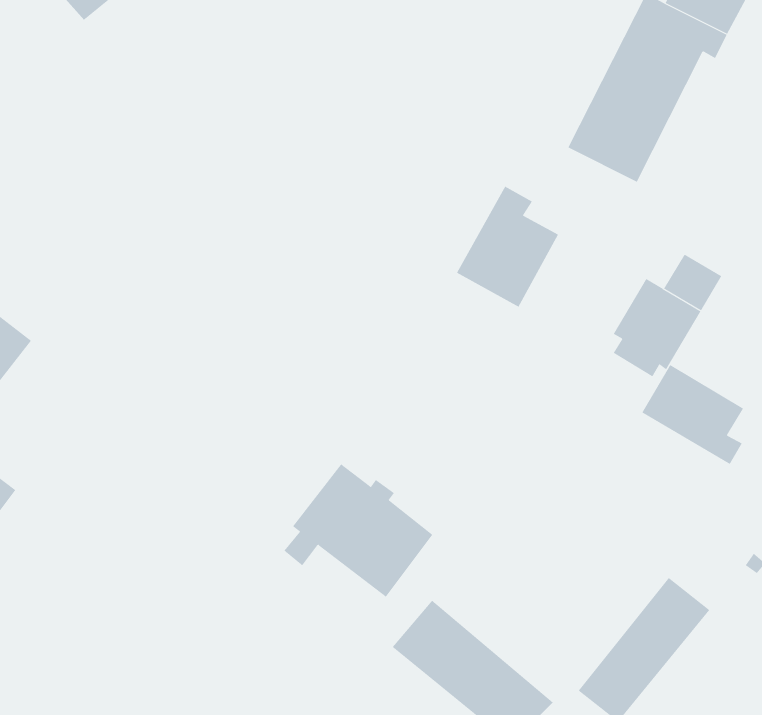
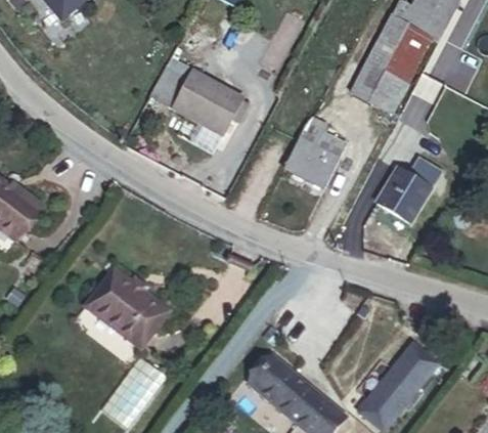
building: none -> [150,57,249,134]
building: [641,364,744,465] -> none
building: [283,464,433,598] -> [81,268,169,347]

